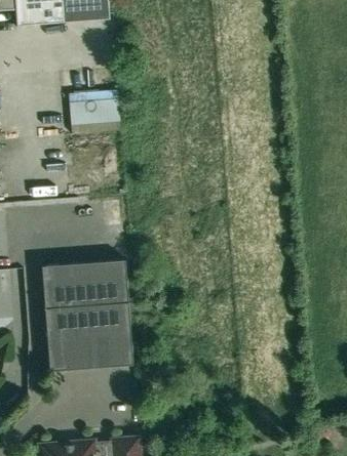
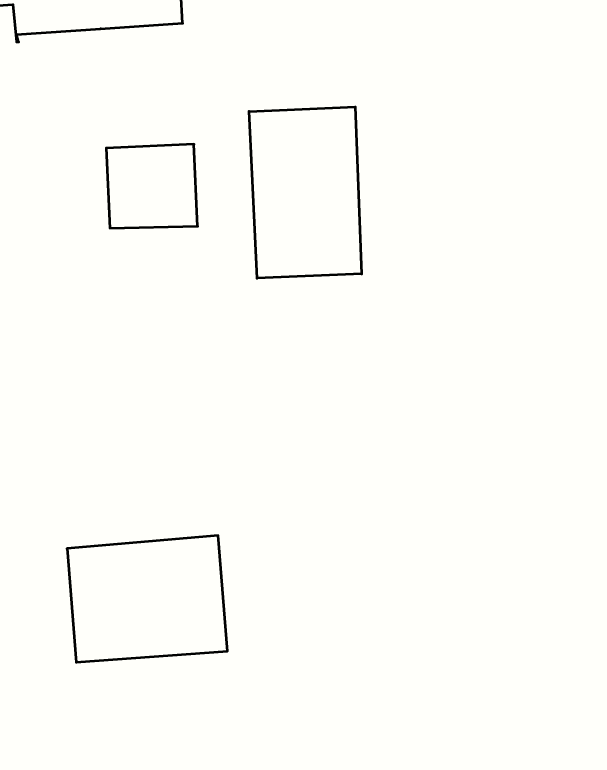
building: none -> [249,107,362,278]
building: [41,258,127,307] -> none

